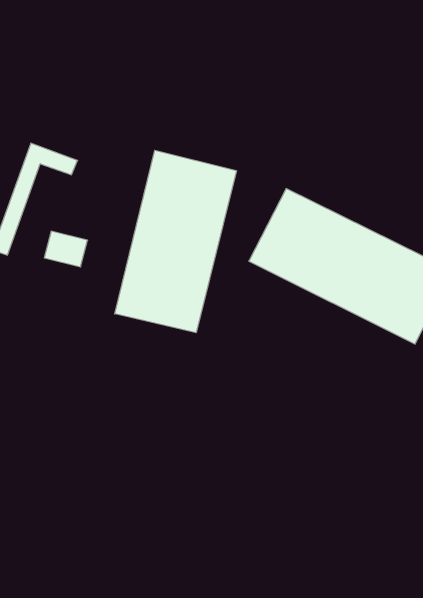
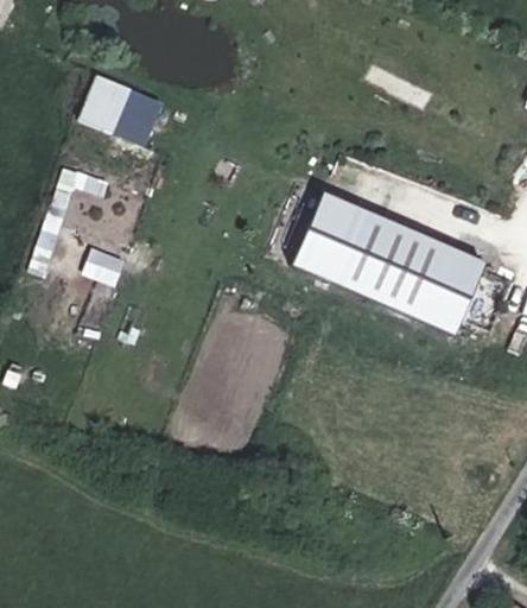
building: none -> [82,75,167,146]
building: [115,150,236,333] -> none

